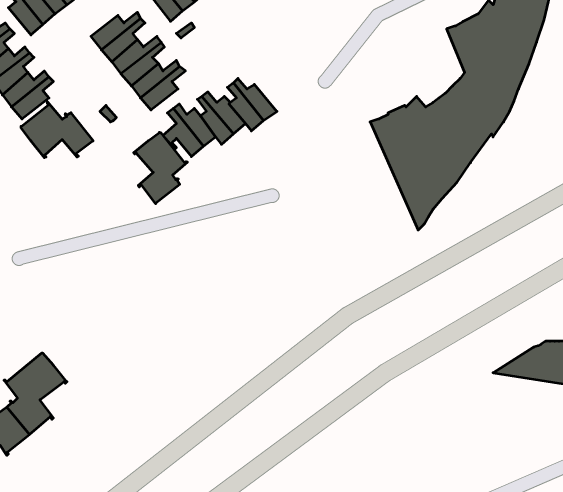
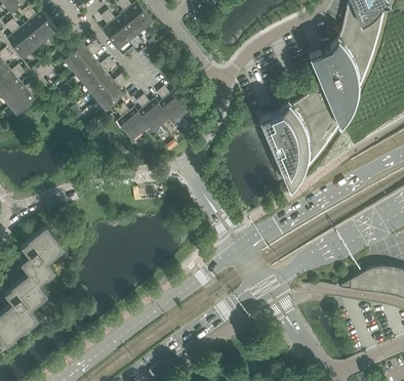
building: [21,102,93,158] -> none
building: [134,132,187,204] -> none
building: none -> [21,226,64,284]

